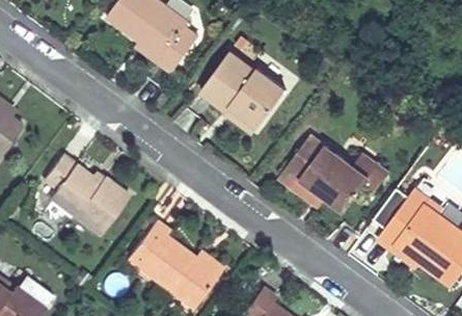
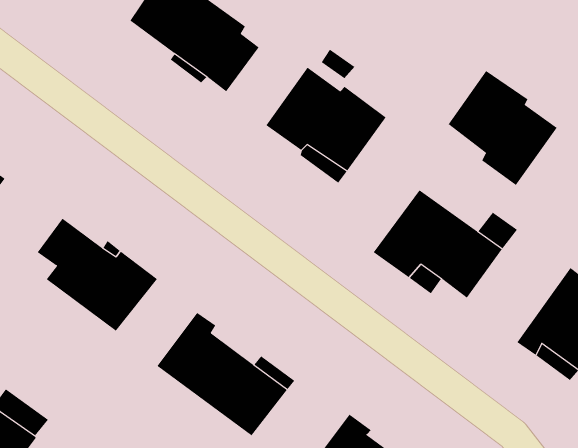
building: none -> [448,70,558,186]

